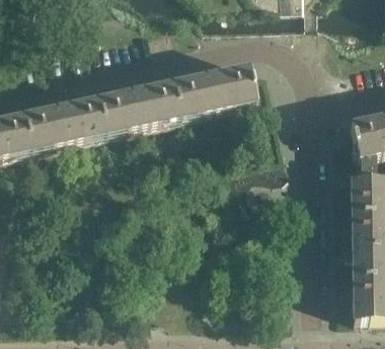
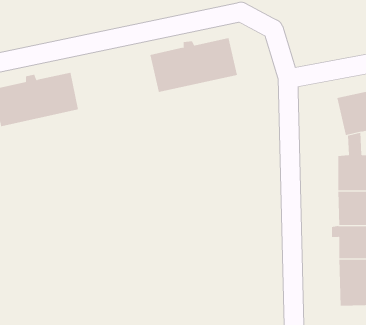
building: [100,80,182,132] -> none

